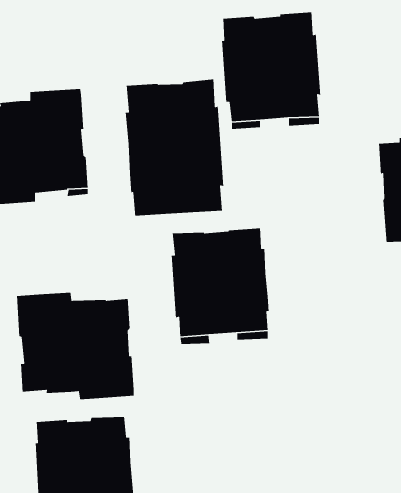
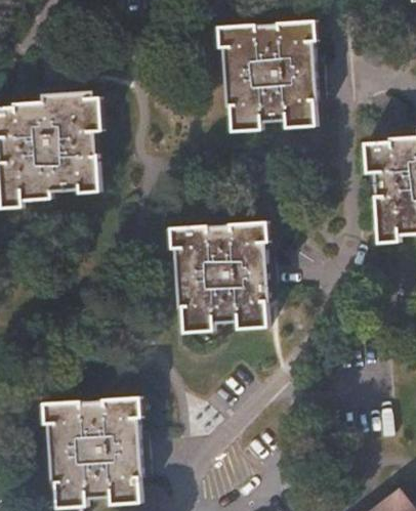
building: [125,78,224,217] -> none
building: [16,292,135,400] -> none

